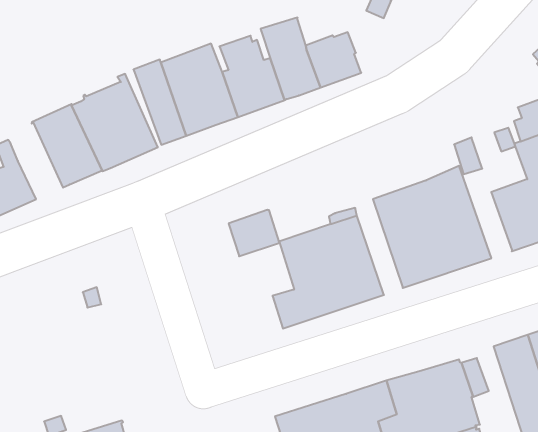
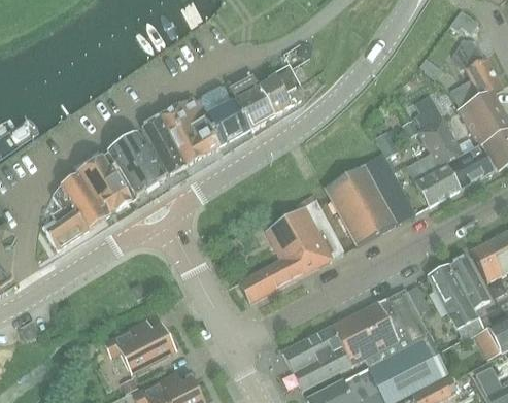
building: none -> [59,174,105,228]
building: [229,210,279,256] -> [239,267,277,303]
building: none -> [104,321,177,375]

